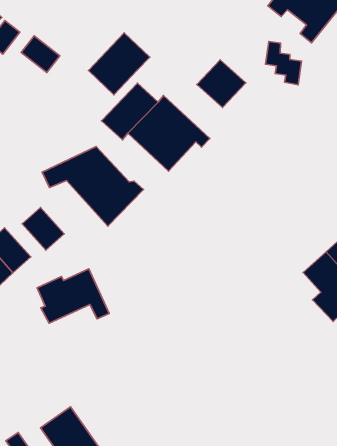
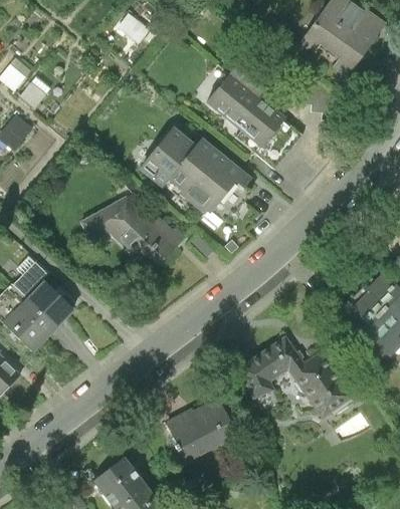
building: [88,33,150,95] -> [206,62,267,125]
building: [21,36,60,72] -> none
building: [22,207,64,250] -> none
building: [37,269,109,323] -> [168,403,242,460]
building: none -> [241,340,351,416]

